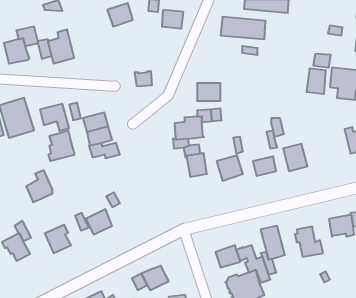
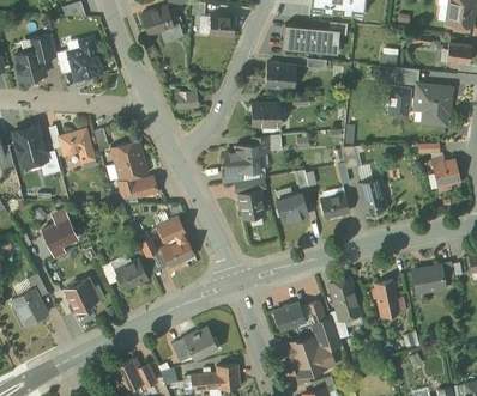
building: none -> [265,63,296,90]
building: [49,131,74,161] -> none
building: none -> [158,217,194,268]

